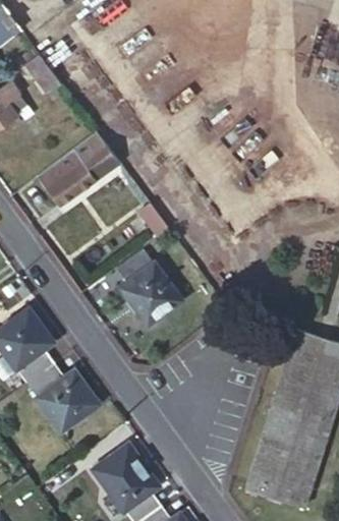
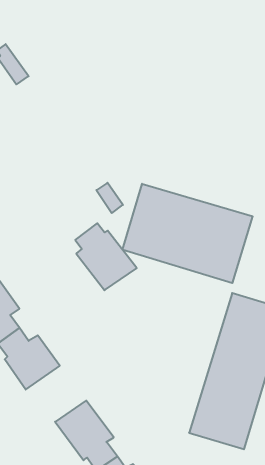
building: [42,136,122,209] -> none
building: none -> [122,184,253,283]

